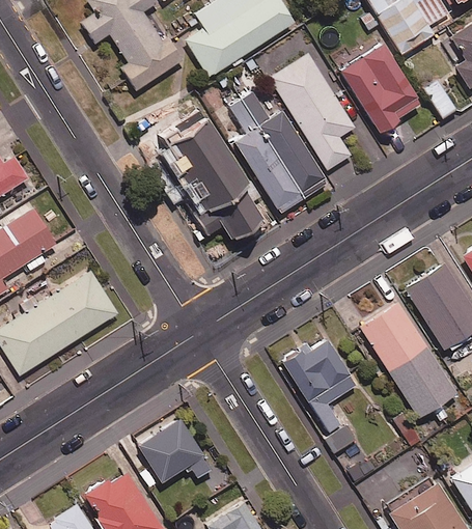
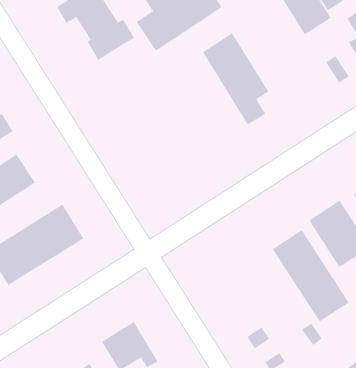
building: [339,45,421,133] -> none
building: [220,92,326,213] -> none
building: [150,104,269,242] -> none
building: [279,340,355,434] -> none

